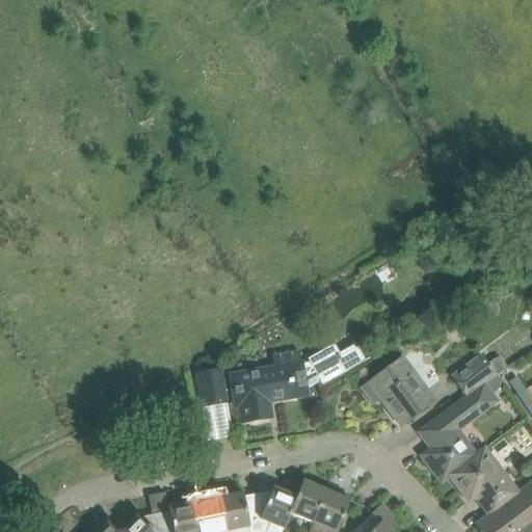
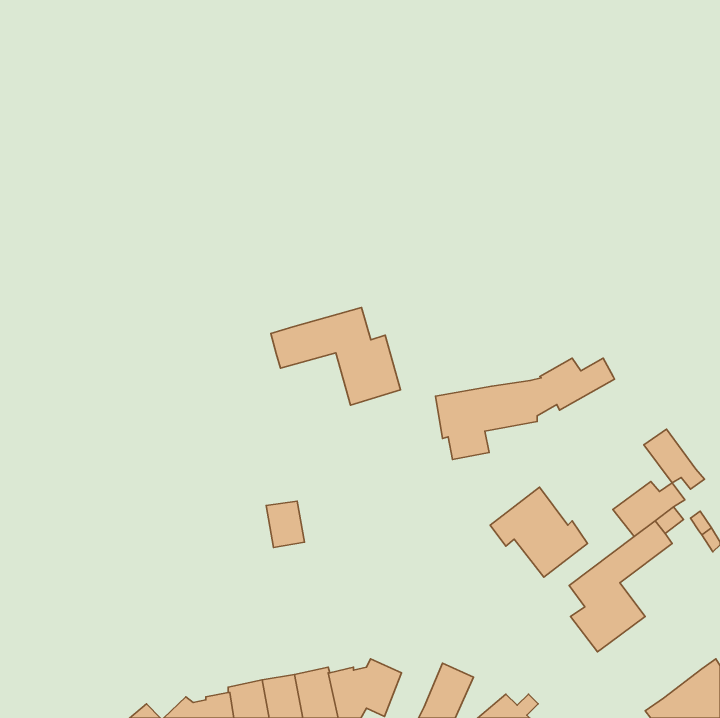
building: none -> [271,308,400,405]
building: none -> [644,429,704,489]
building: [231,347,363,422] -> [436,358,615,459]
building: [449,449,517,515] -> none
building: [290,480,326,522] -> none

